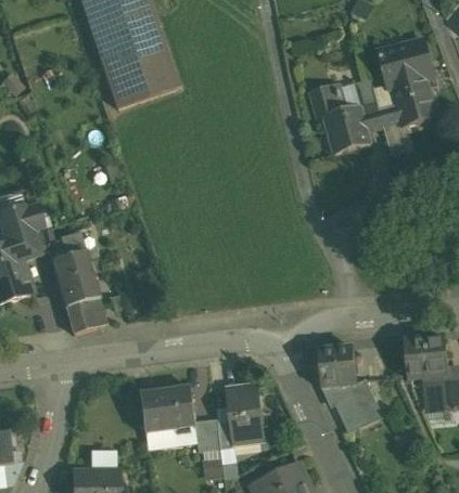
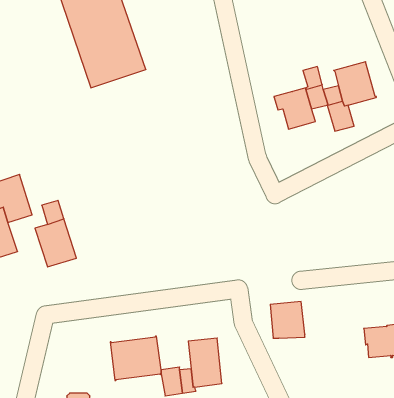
building: [379,38,432,88] -> none
building: [313,88,344,117] -> none
building: [67,297,109,333] -> none
building: [404,336,449,377] -> none
building: [328,378,381,431] -> none

